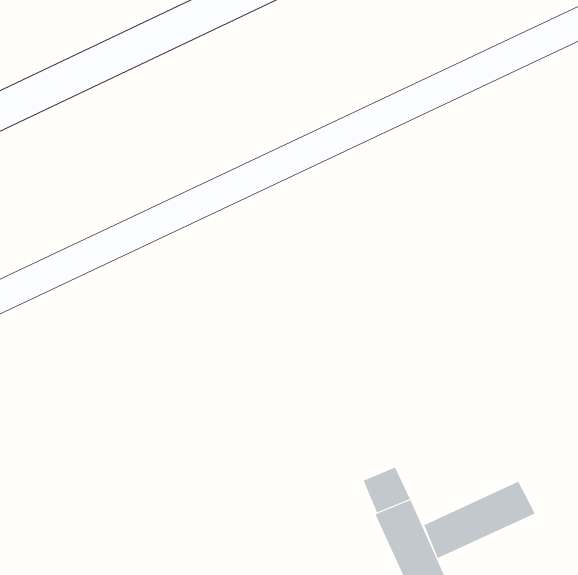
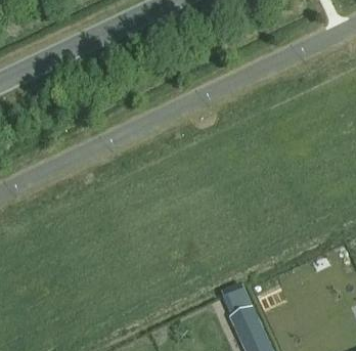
building: [423,481,535,559] -> none

